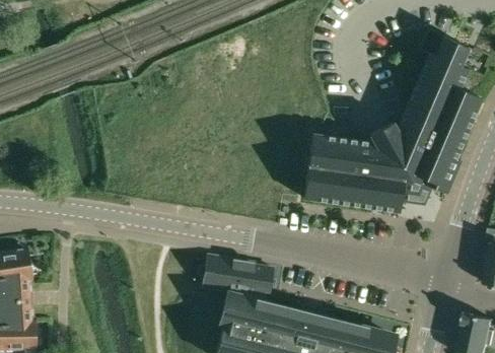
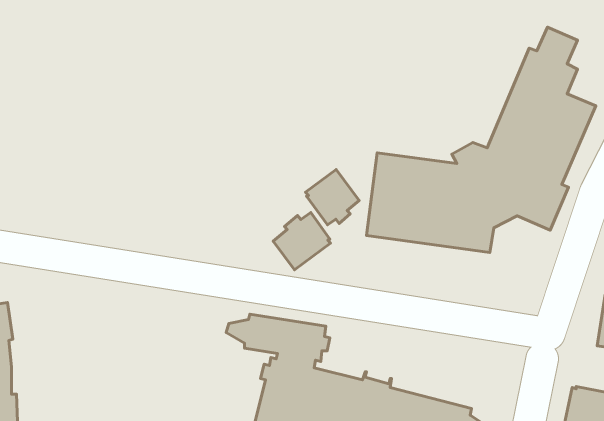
building: none -> [306,170,359,225]
building: none -> [273,213,330,270]

